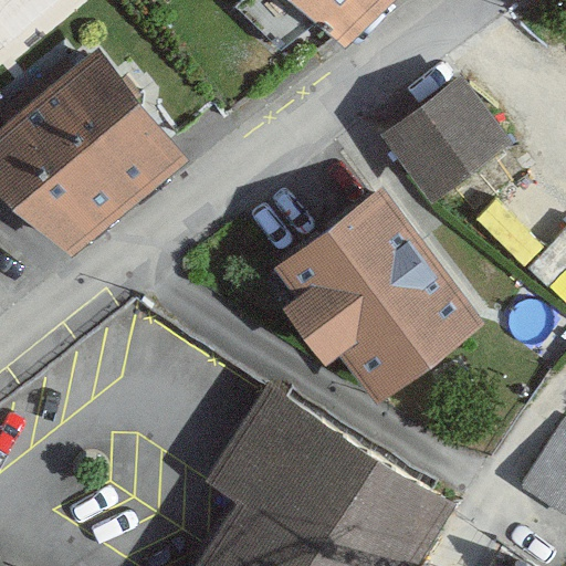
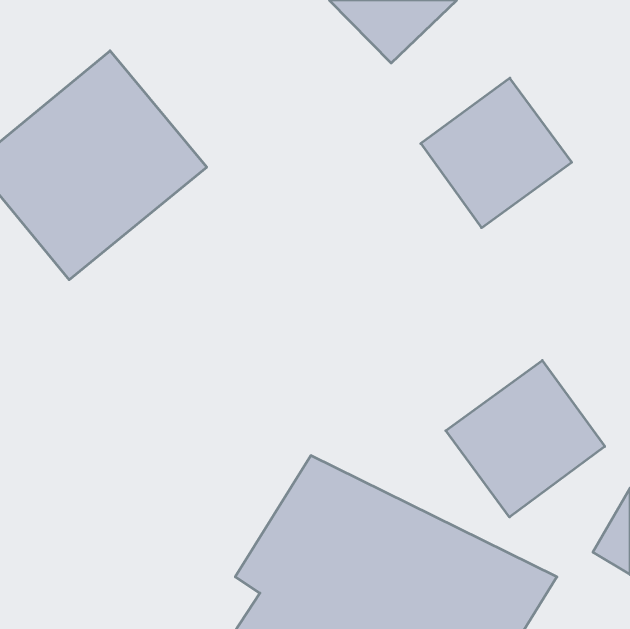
building: [277,192,476,399] -> none
building: none -> [446,360,605,517]

